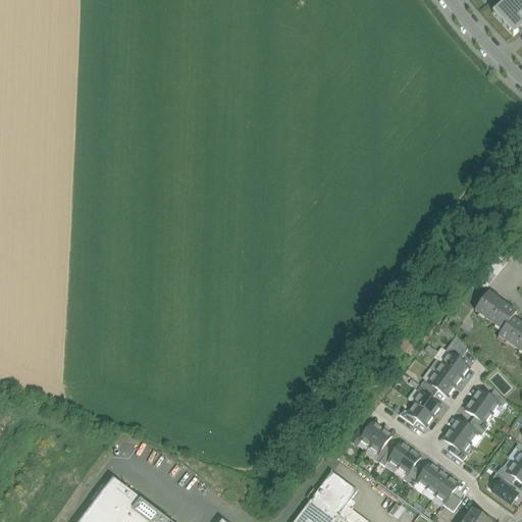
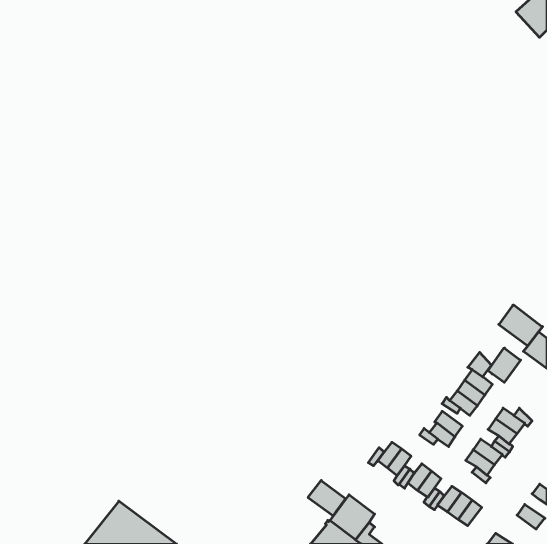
building: none -> [487,348,521,382]
building: none -> [308,480,346,516]

